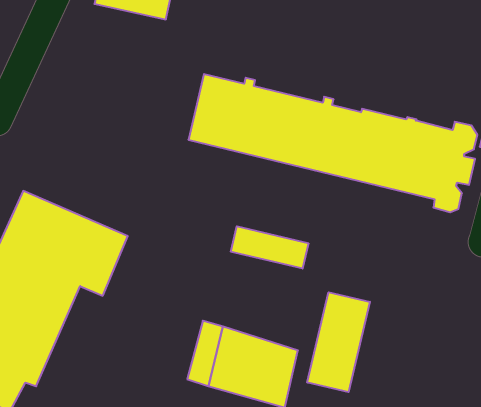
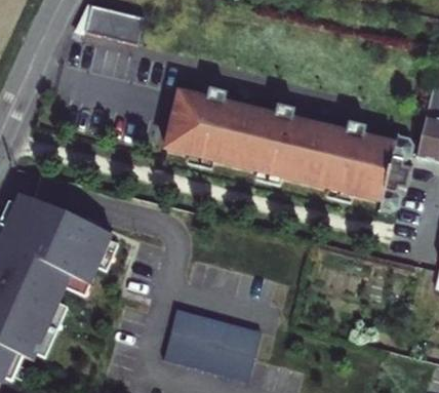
building: [231,226,308,269] -> none
building: [307,292,370,392] -> none

